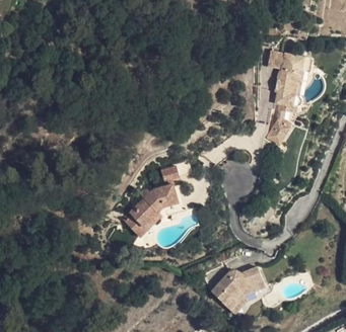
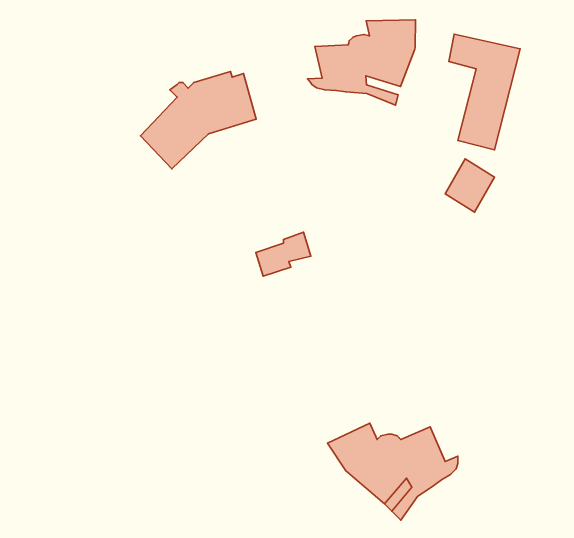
building: none -> [308,20,415,105]
building: [123,183,187,237] -> [141,72,256,169]

